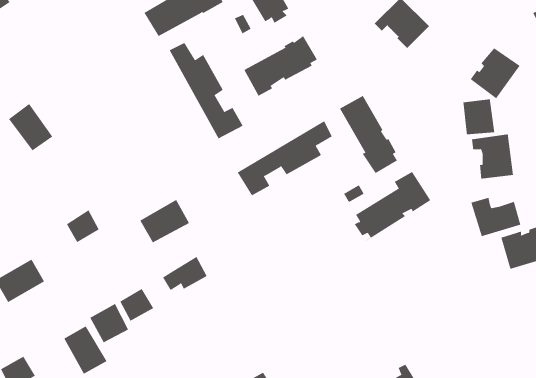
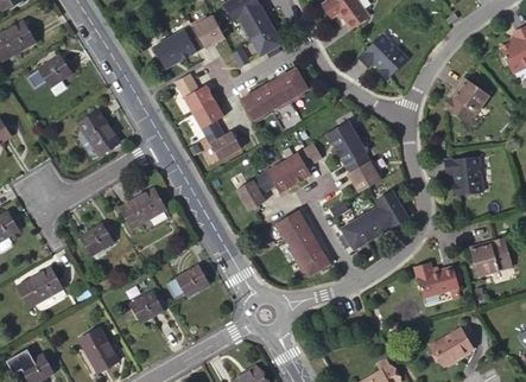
building: none -> [30,51,70,82]
building: [463,98,495,135] -> none
building: [8,103,53,151] -> [82,109,122,152]
building: none -> [273,210,335,276]
building: [471,197,521,237] -> [413,262,458,298]
building: [139,199,190,243] -> [123,187,169,227]
building: [89,303,129,343] -> none
building: none -> [431,330,473,367]

